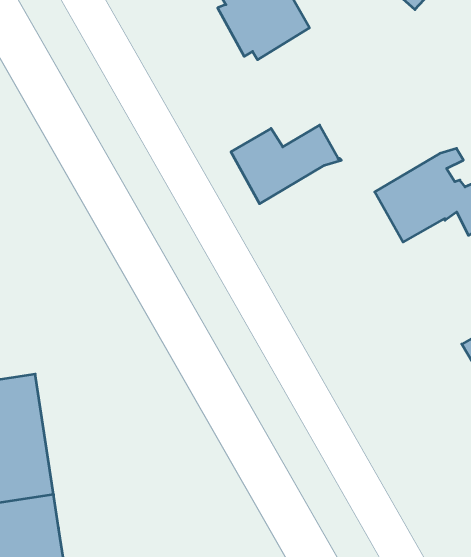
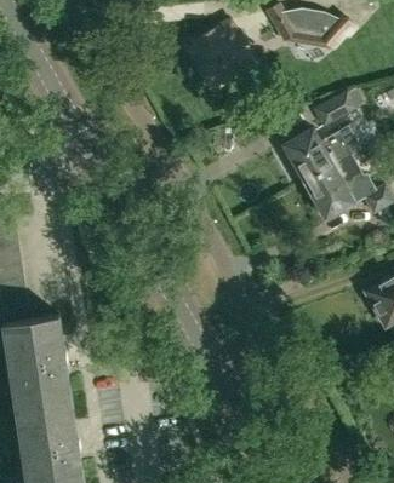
building: none -> [312,88,360,127]
building: [231,125,341,204] -> [282,125,362,182]

